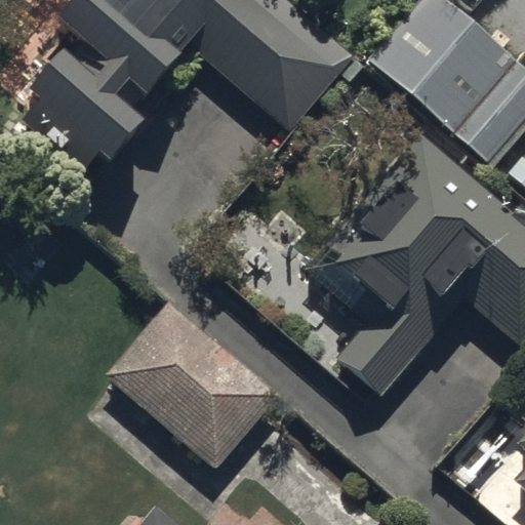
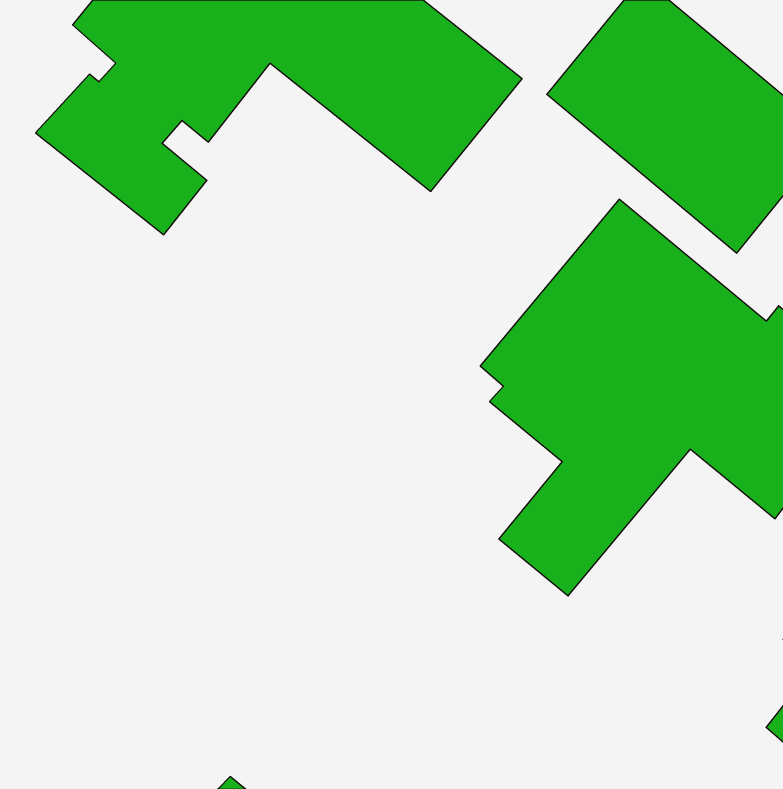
building: [108,309,281,477] -> none

